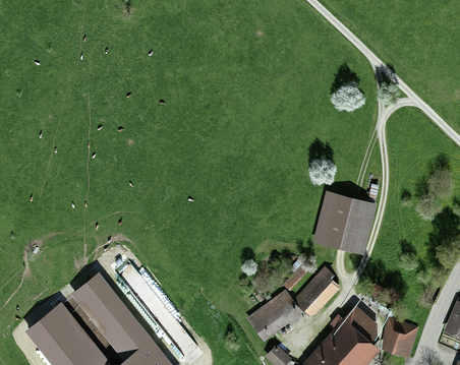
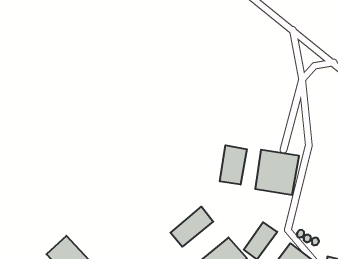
building: none -> [220,145,247,185]
building: none -> [170,207,213,247]

